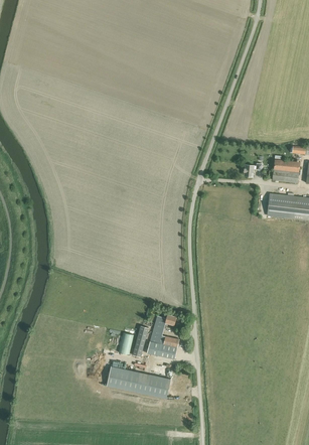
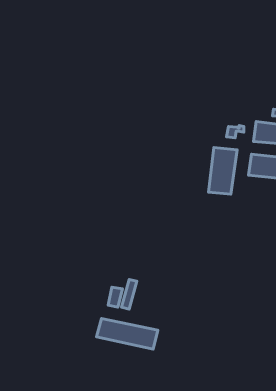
building: none -> [209,148,237,194]
building: [146,314,178,359] -> none

